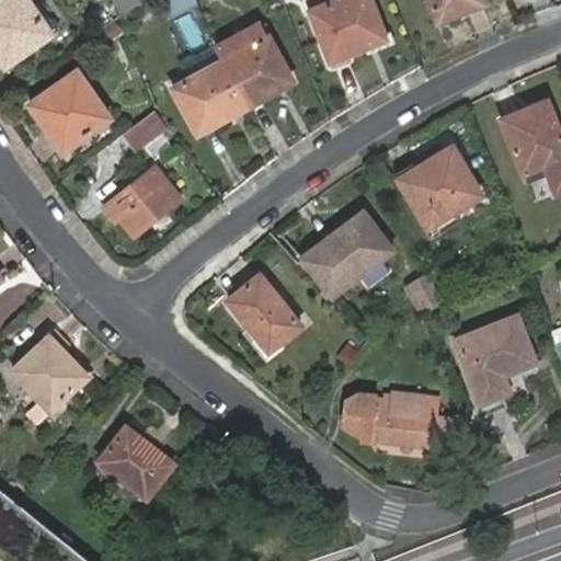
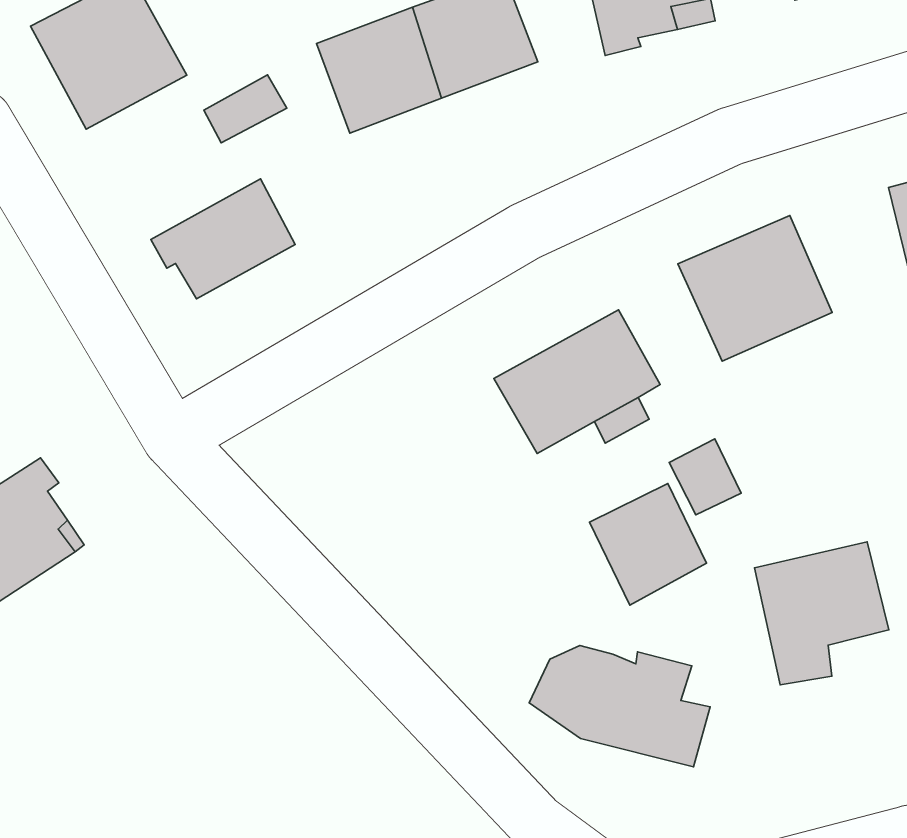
building: [220,271,299,354] -> none
building: none -> [590,484,706,605]
building: [101,420,186,501] -> none

